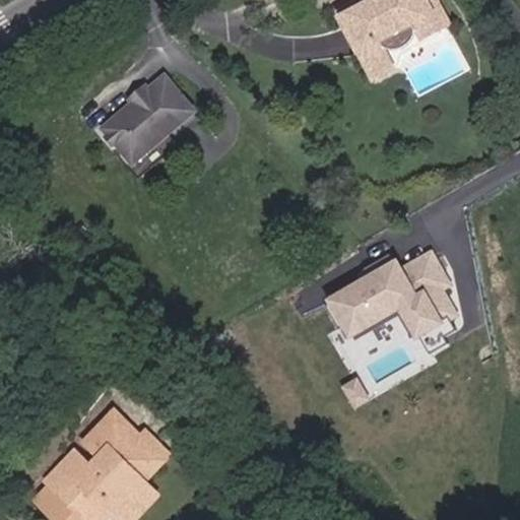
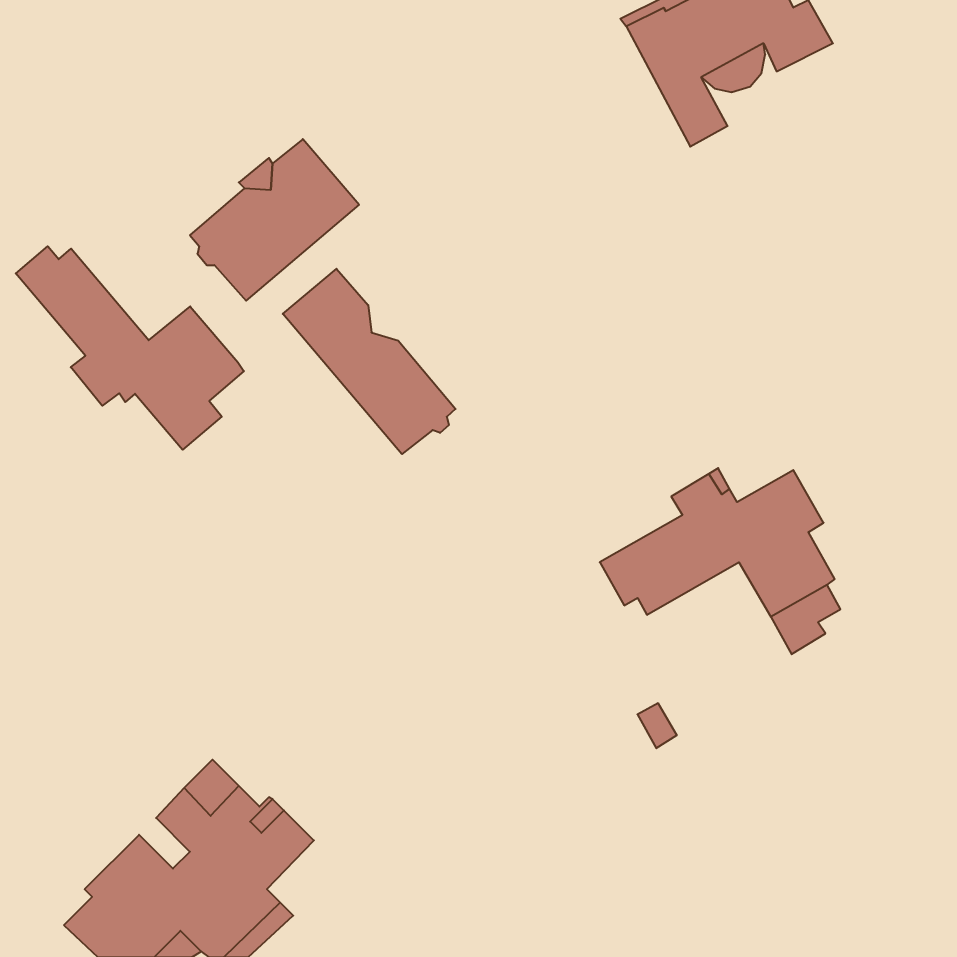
building: none -> [16,246,244,450]
building: none -> [283,269,456,454]

